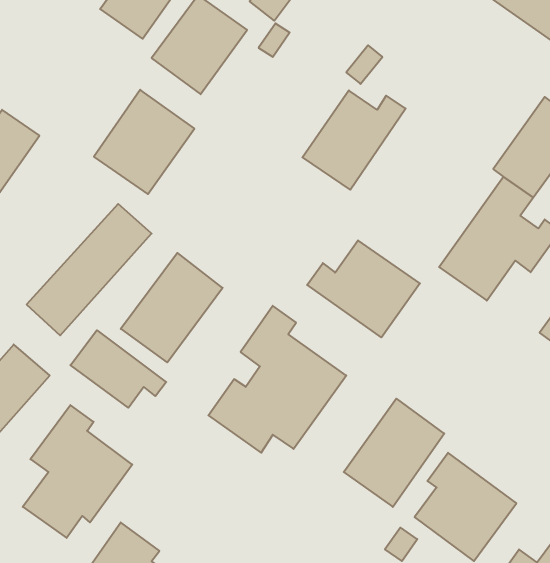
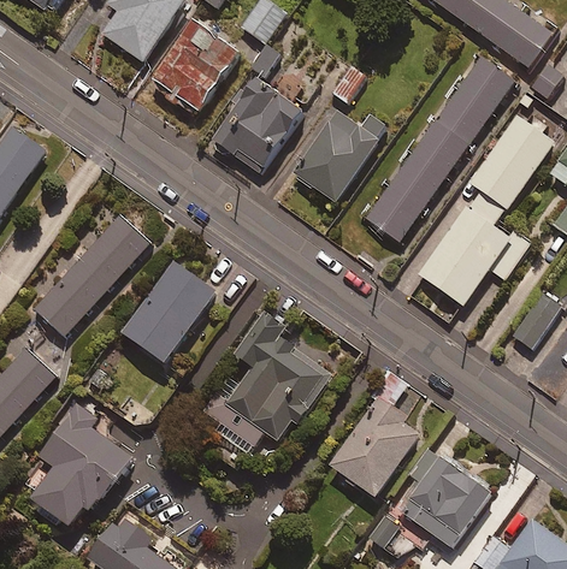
building: none -> [365,55,515,241]
building: [94,90,194,194] -> [209,75,303,172]
building: [307,240,420,337] -> none
building: [70,330,166,408] -> none

